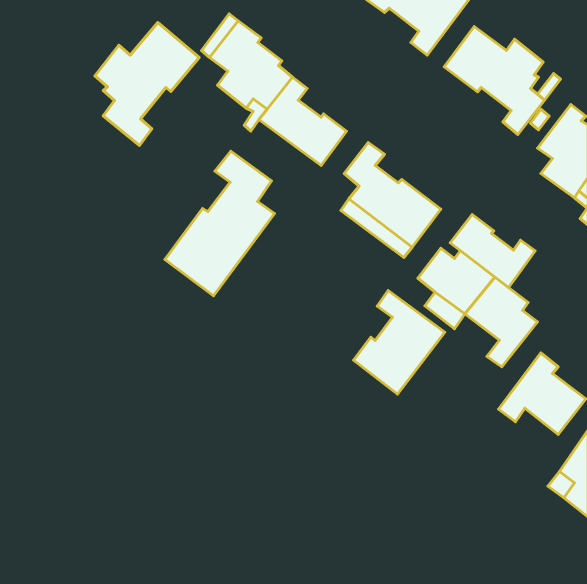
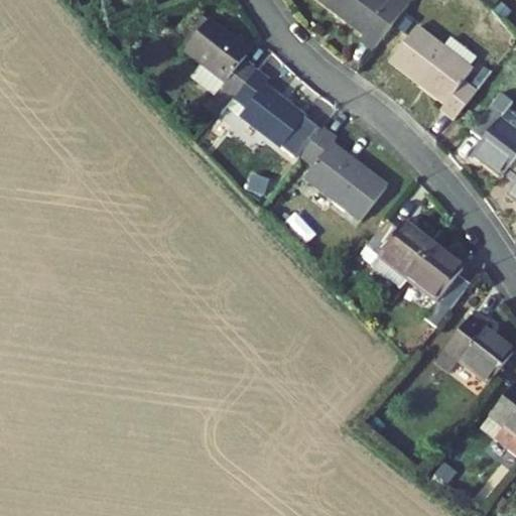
building: [95,22,199,145] -> none
building: [165,151,274,296] -> none
building: [450,214,535,287] -> none
building: [353,291,445,394] -> none

